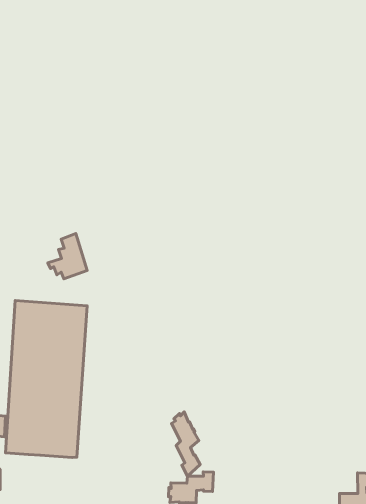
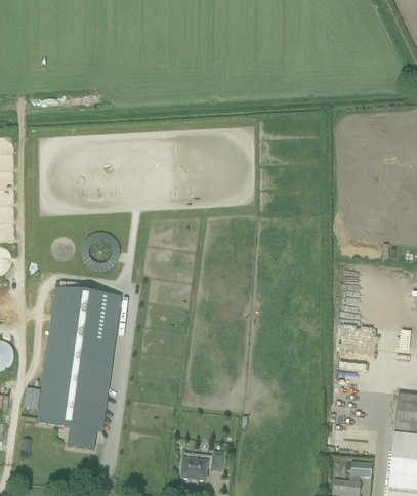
building: [172,412,200,476] -> none
building: none -> [66,426,96,449]

